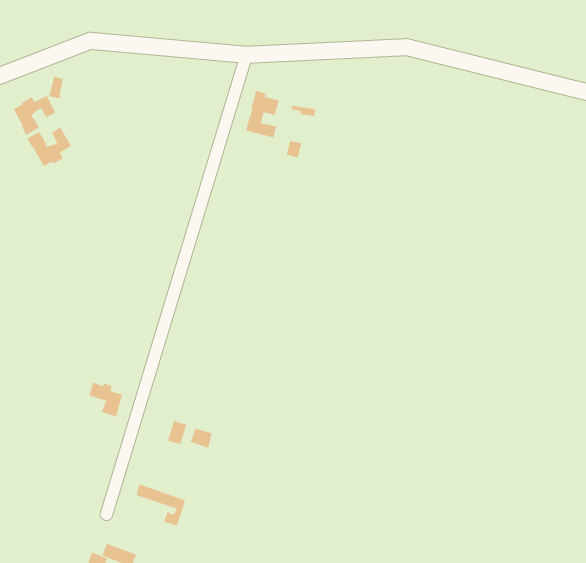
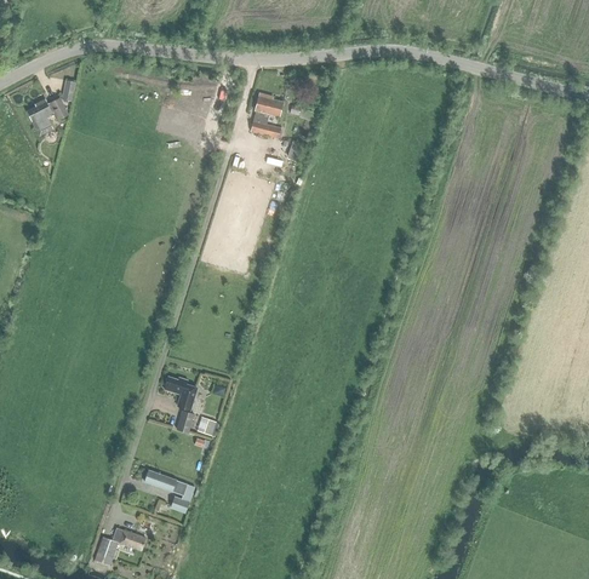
building: [26,127,72,167] -> none
building: [89,382,123,417] -> [164,376,196,409]

